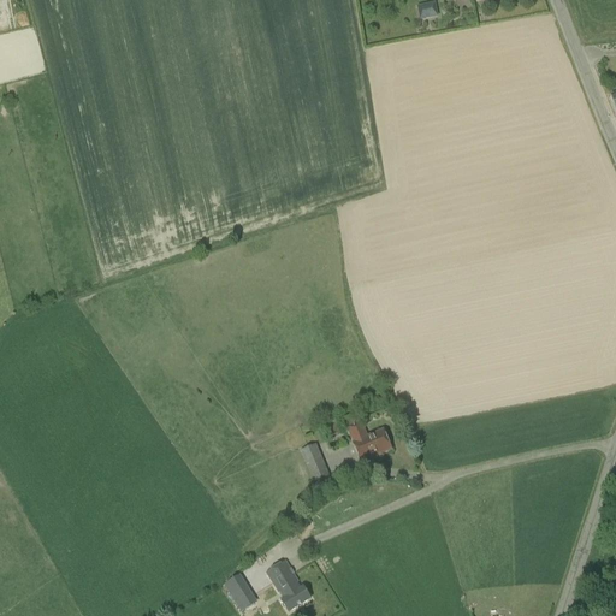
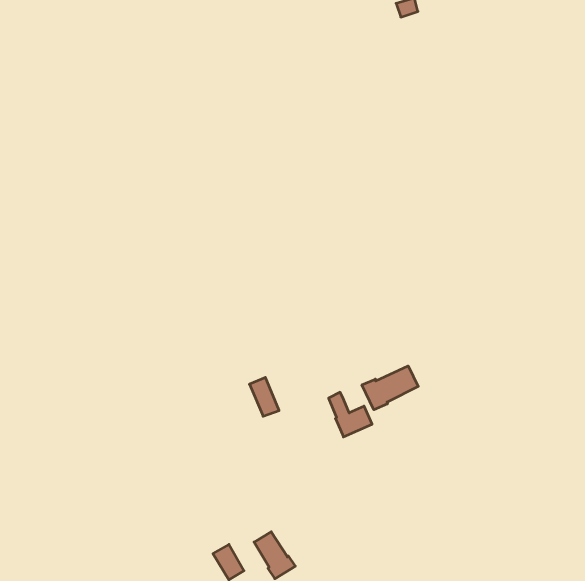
building: none -> [362,366,418,410]
building: [300,442,331,482] -> [249,377,279,416]

